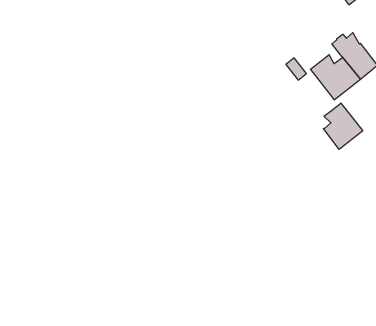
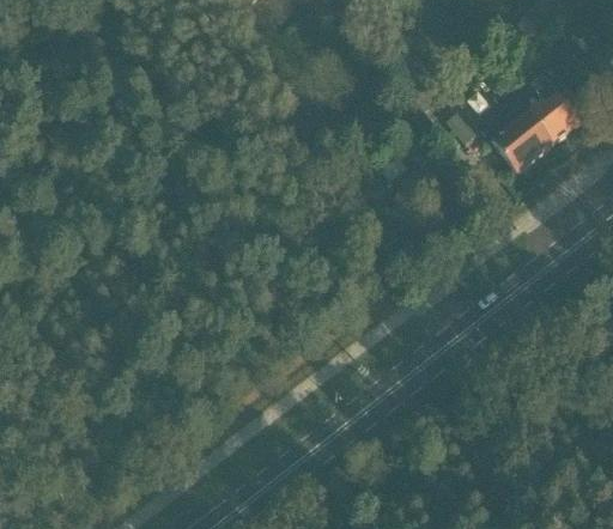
building: [323,103,363,149] -> none

